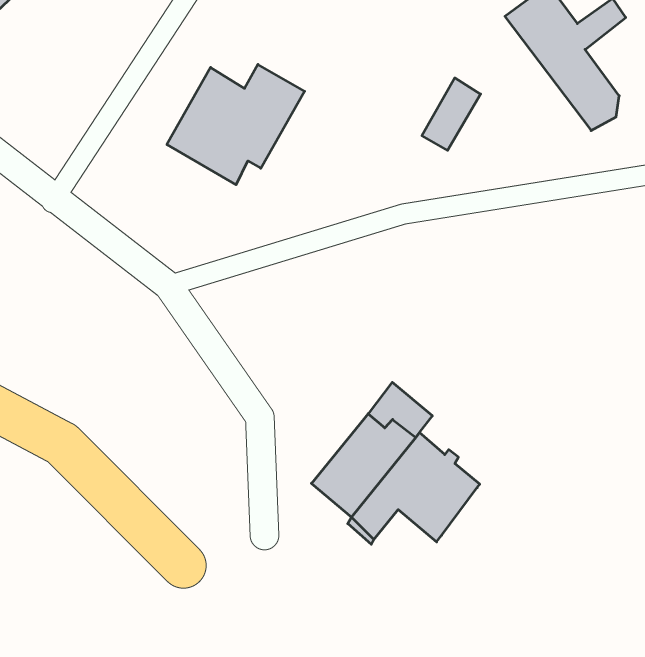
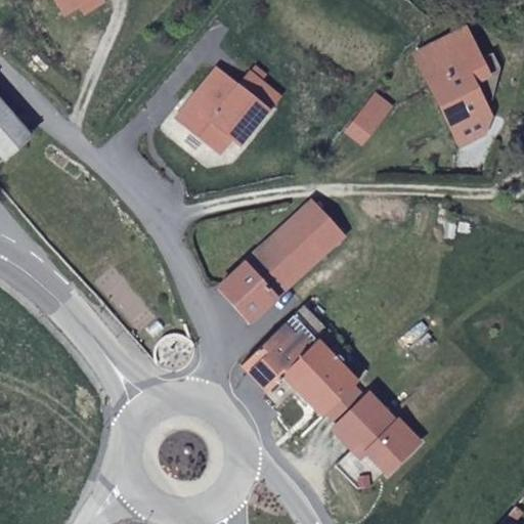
building: none -> [219,202,347,317]
building: none -> [328,382,424,468]

